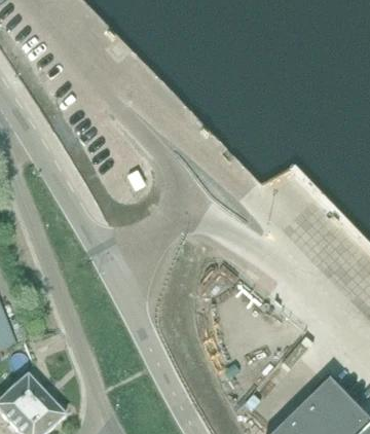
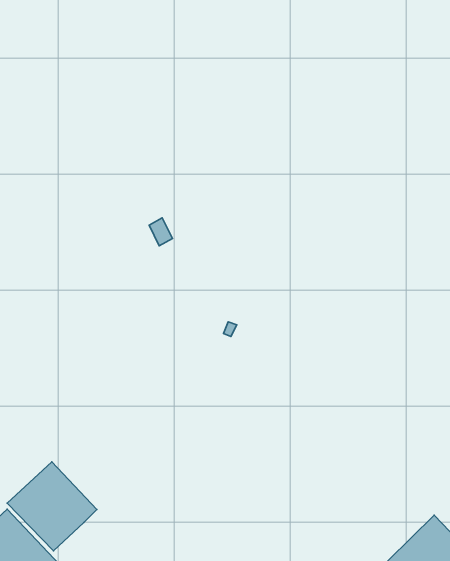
building: none -> [7,462,97,551]

